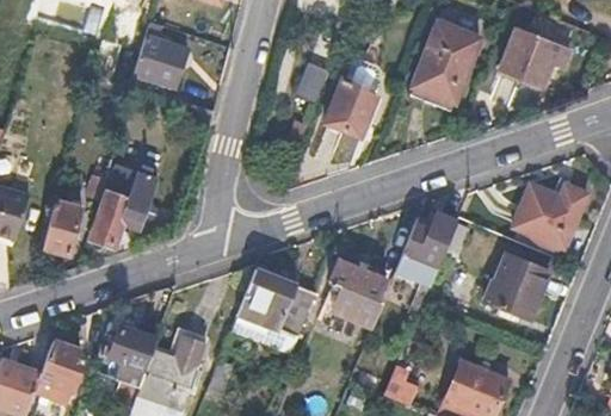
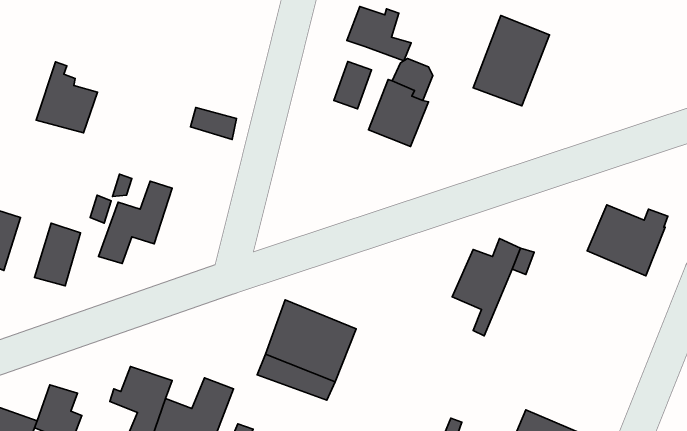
building: none -> [347,6,411,61]
building: [130,26,183,87] -> [36,62,97,133]
building: [501,30,569,86] -> none
building: [486,255,550,317] -> none
building: [327,260,385,328] -> none

